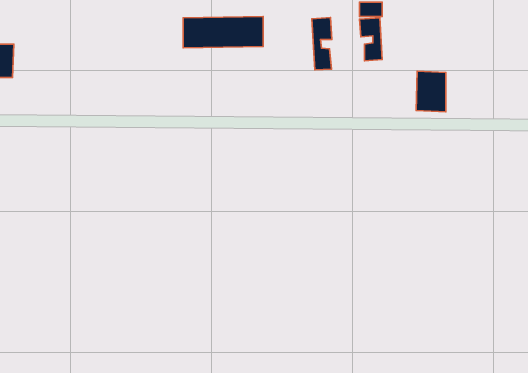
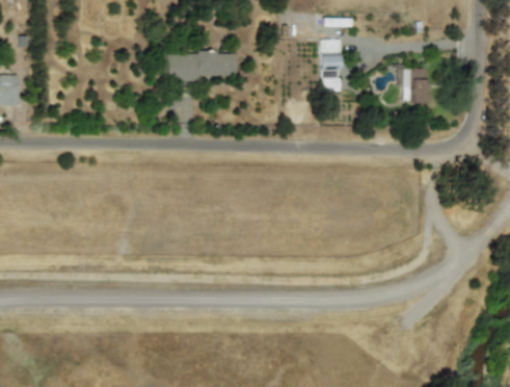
building: [312,18,332,70] -> none
building: [416,71,446,112] -> [404,68,430,103]

